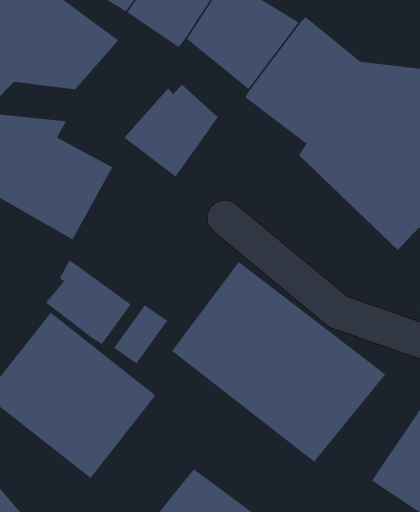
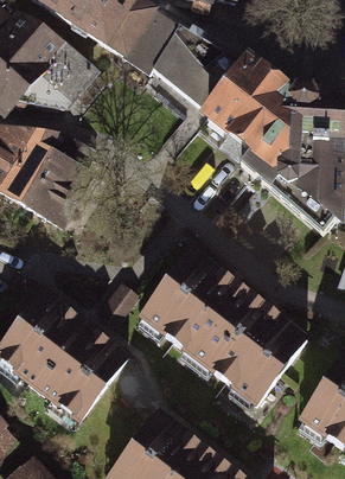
building: [123,84,218,177] -> none
building: [45,259,132,345] -> none

